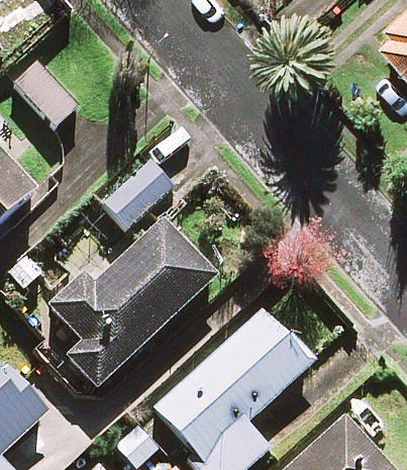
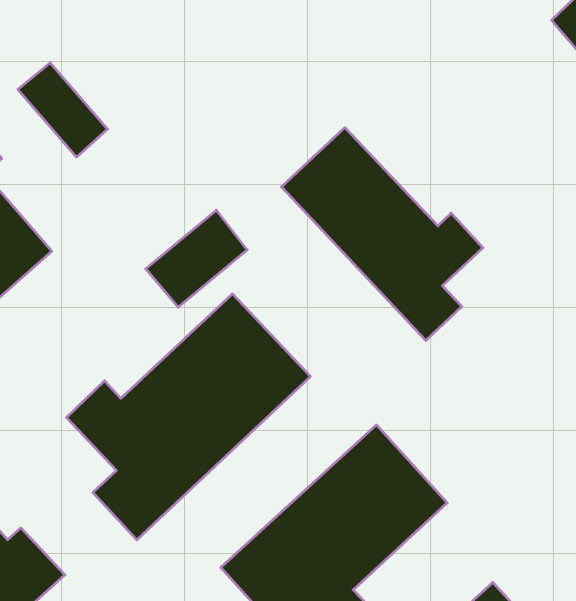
building: none -> [281,128,483,341]

